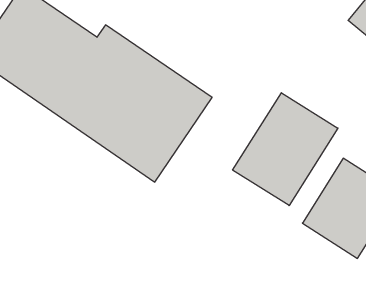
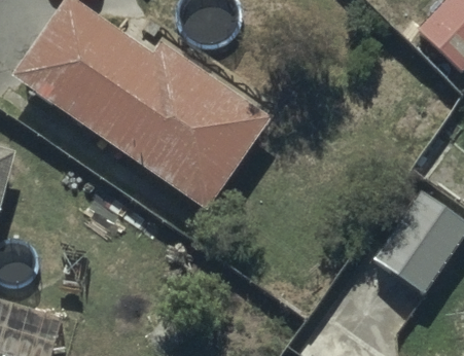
building: [233,93,338,206] -> none

